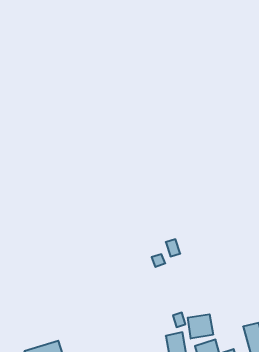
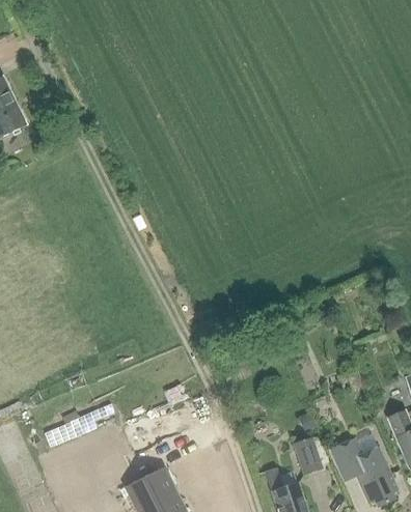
building: [188,314,213,339] -> none

